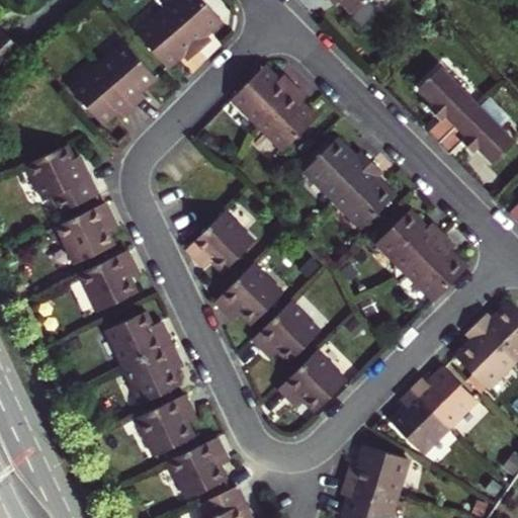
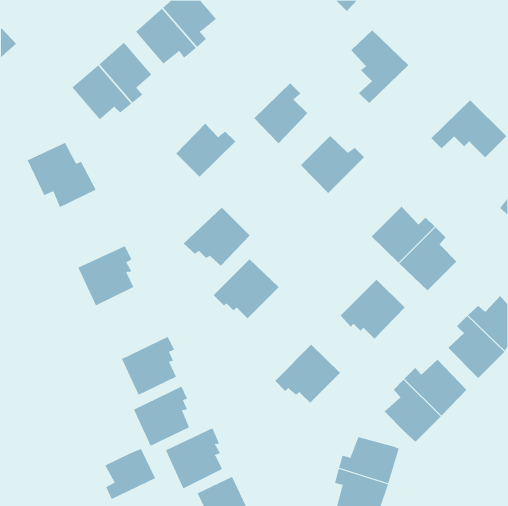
building: [234,67,295,122] -> [176,123,236,177]
building: [419,67,479,143] -> [350,29,409,104]
building: [334,162,393,227] -> none
building: [57,203,114,265] -> none
building: [254,303,321,364] -> [340,279,405,339]
building: [106,313,171,367] -> none
building: none -> [104,448,156,500]

